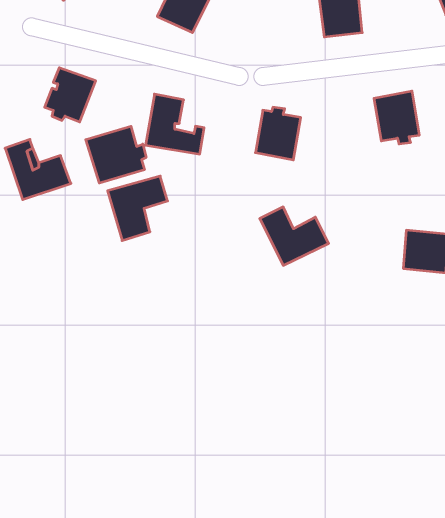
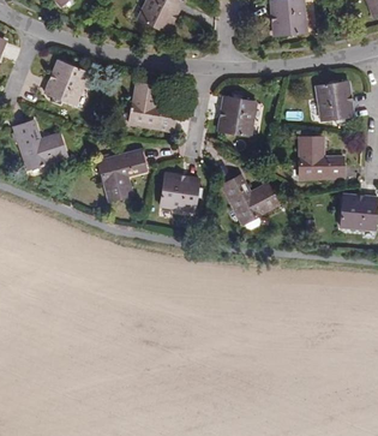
building: [86,126,146,183] -> none
building: none -> [299,136,343,178]
building: none -> [158,173,202,210]

